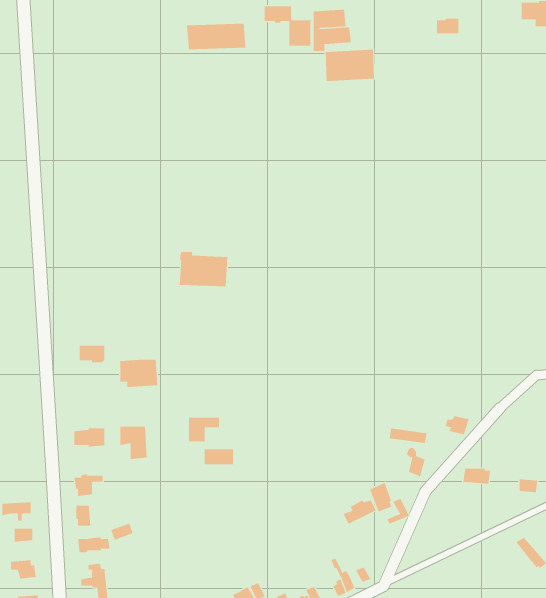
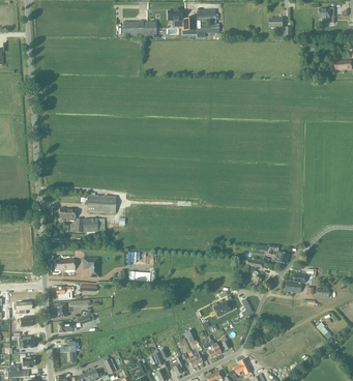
building: [325,49,374,82] -> none
building: [179,252,228,287] -> [87,192,116,212]

